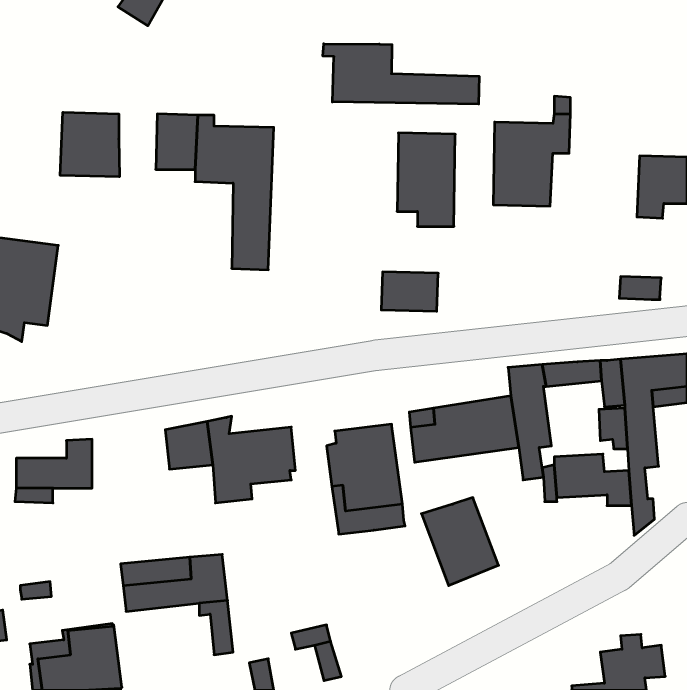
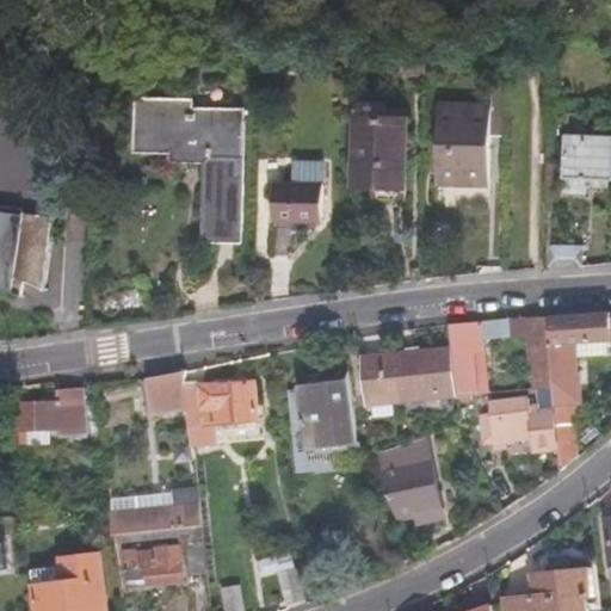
building: [323,44,479,104] -> none
building: [60,112,119,177] -> none
building: [381,272,438,311] -> [270,183,320,217]
building: none -> [121,545,180,591]

